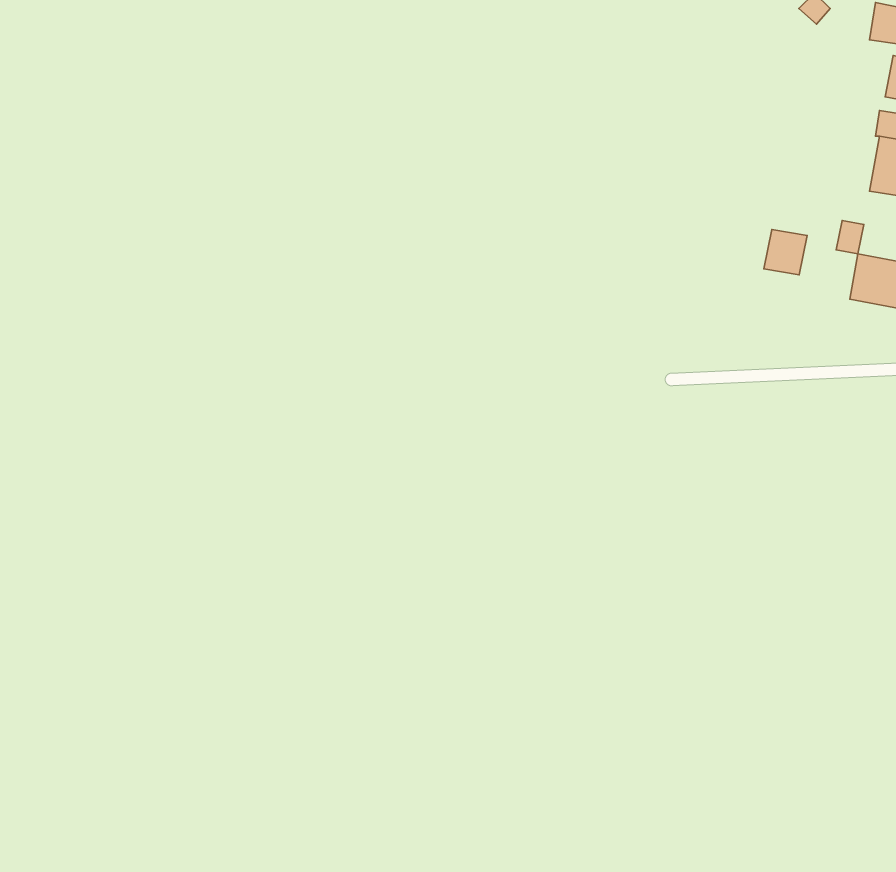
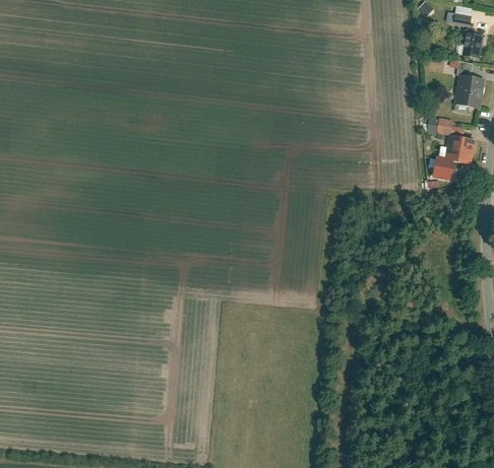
building: [764,230,807,275] -> [429,159,451,183]

